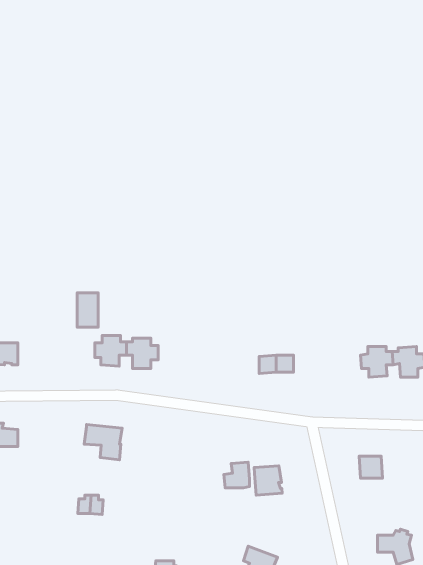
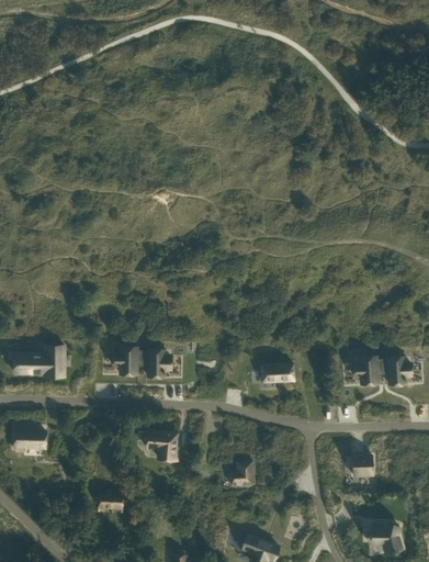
building: [77,293,98,327] -> [45,346,64,376]
building: [84,425,122,460] -> [145,429,179,461]
building: [254,466,282,495] -> none

